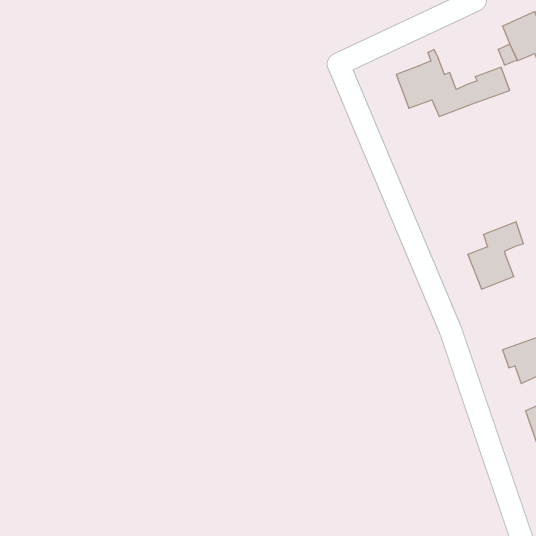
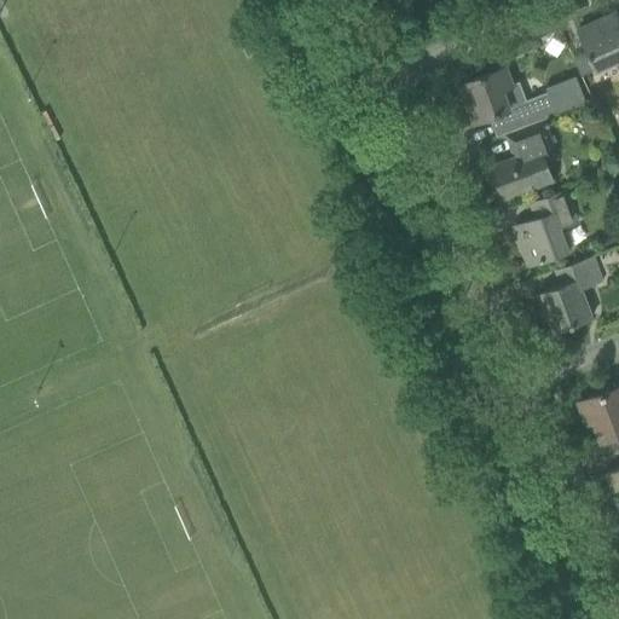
building: none -> [492,122,553,198]
building: none -> [515,192,577,266]

